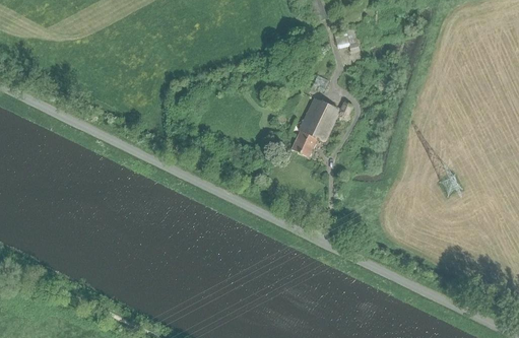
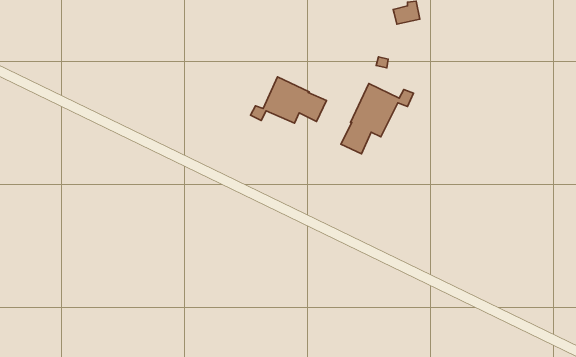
building: none -> [251,77,326,123]

